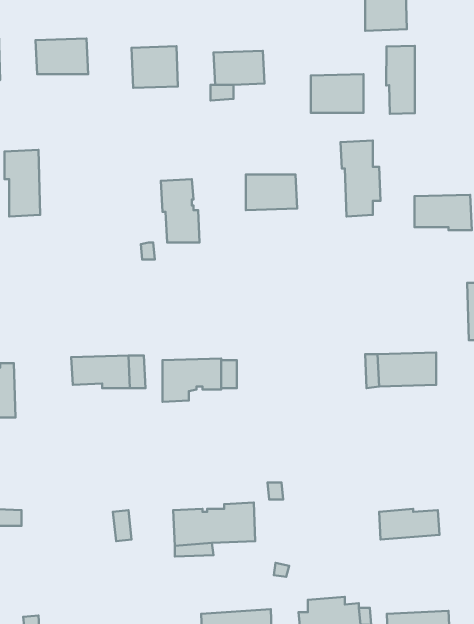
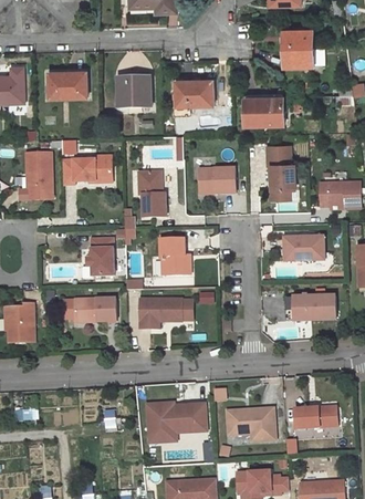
building: [386,46,415,114] -> none
building: none -> [62,155,112,184]
building: none -> [284,236,324,260]
building: none -> [91,238,113,276]
building: none -> [160,240,189,277]
building: none -> [227,408,275,441]

